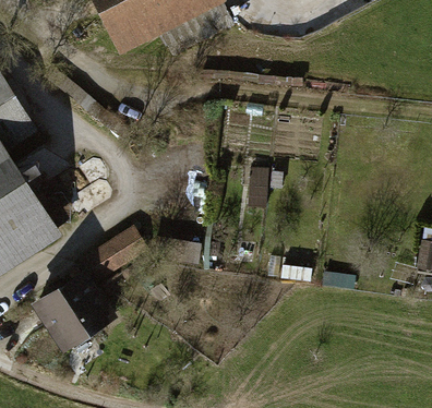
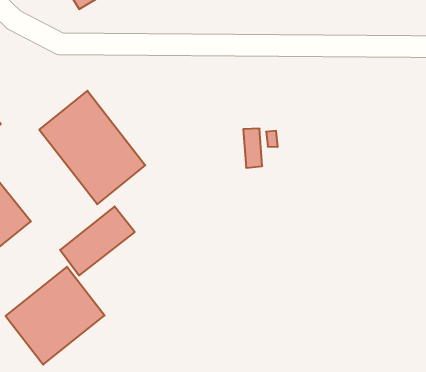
building: none -> [39,91,145,204]

